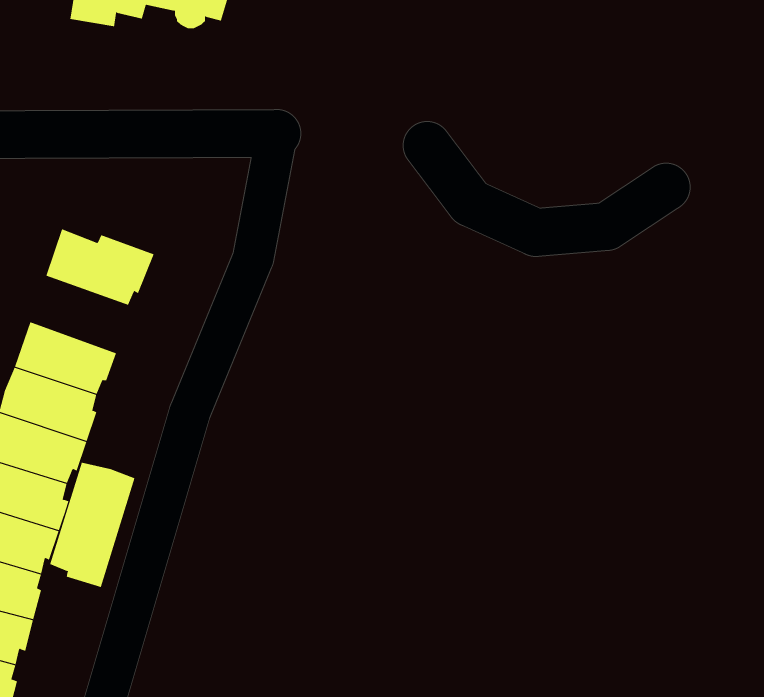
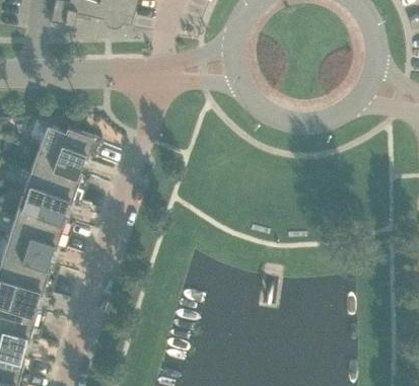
building: none -> [32,147,83,186]
building: [50,462,135,588] -> none

